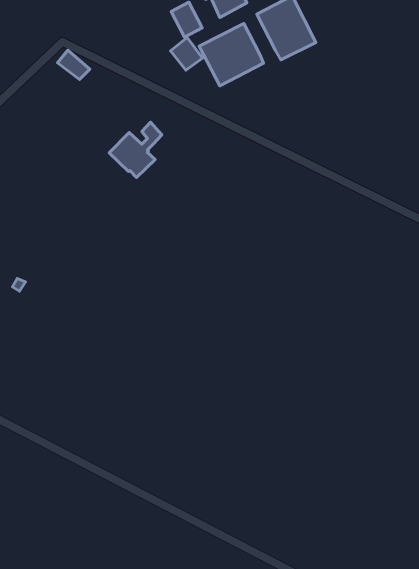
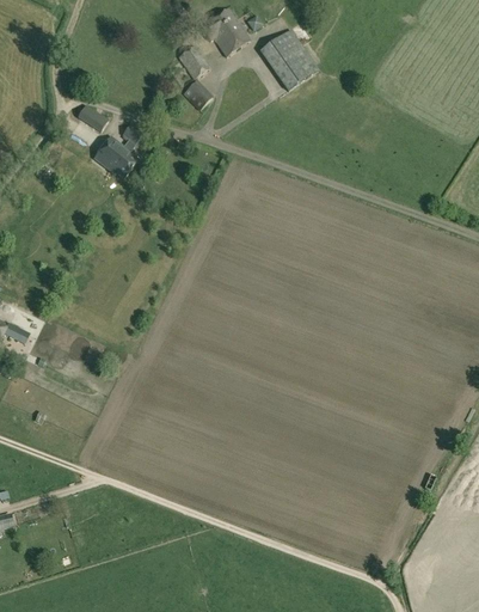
building: [199,24,264,86] -> none
building: [109,122,162,178] -> [93,124,141,178]

